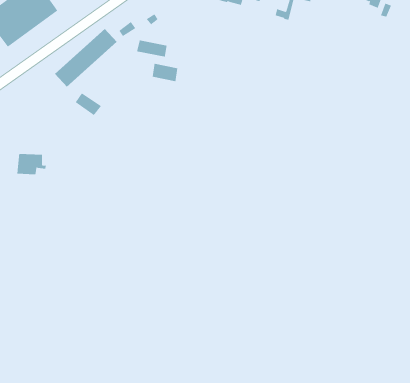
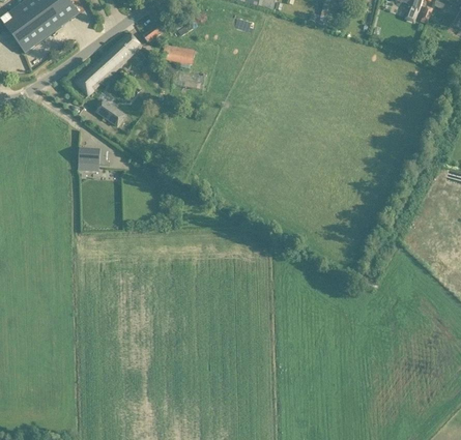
building: [17,153,47,175] -> [78,148,110,171]

